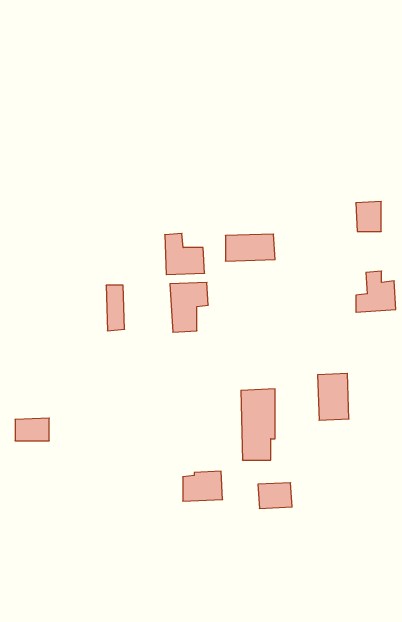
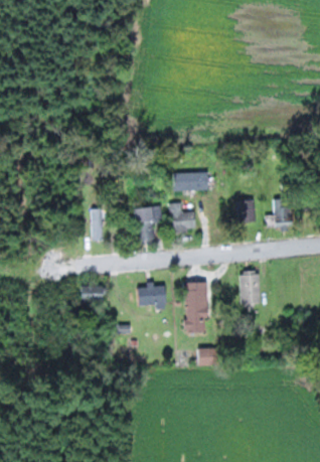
building: [356,202,381,231] -> [236,200,255,221]
building: [165,233,205,275] -> [168,202,196,232]
building: [15,418,49,441] -> [76,285,101,301]
building: [183,471,223,501] -> [138,284,166,305]

